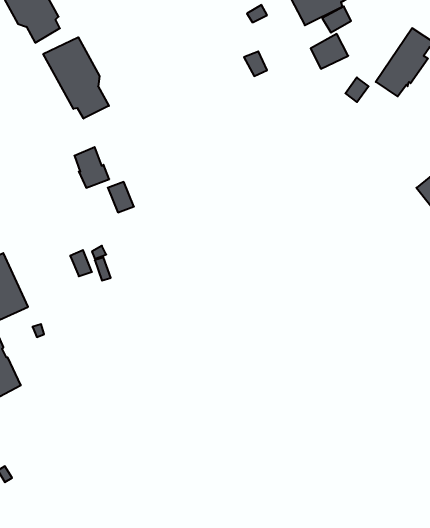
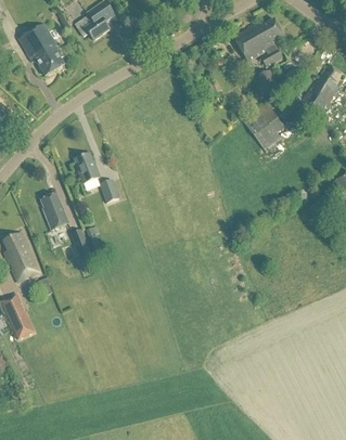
building: [43,37,109,119] -> none
building: none -> [242,101,285,152]
building: none -> [41,194,69,230]

